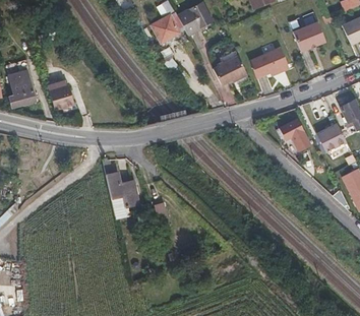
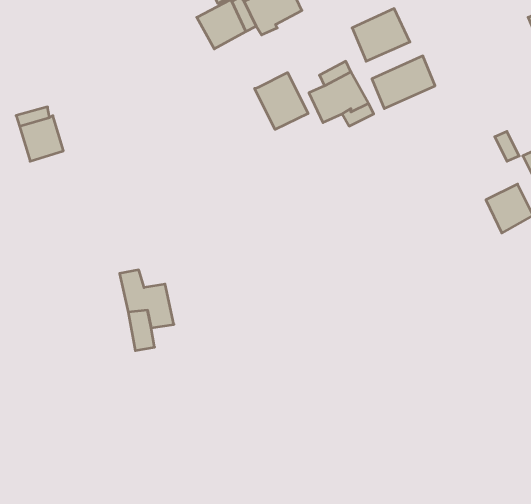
building: [293,21,326,52] -> [352,9,410,61]
building: none -> [255,73,308,129]
building: [282,119,310,150] -> none

